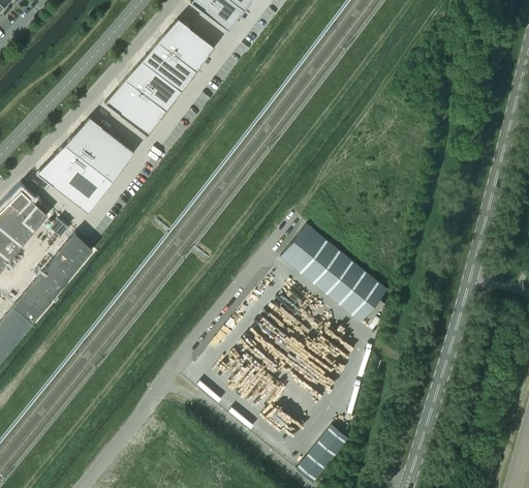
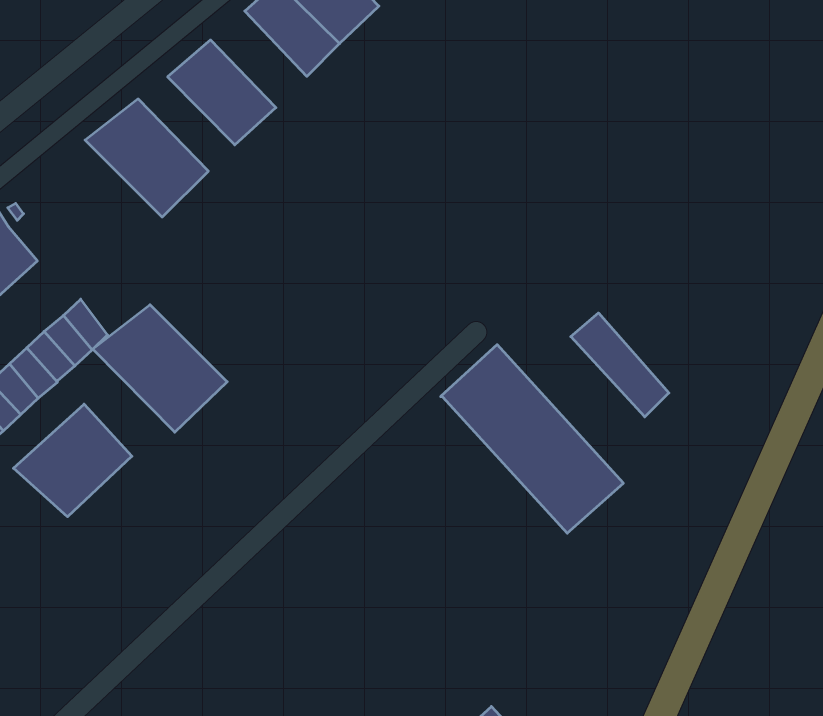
building: [125,61,181,112] -> none
building: [36,145,113,213] -> [93,305,227,432]
building: none -> [571,313,669,417]
building: none -> [13,404,132,517]

